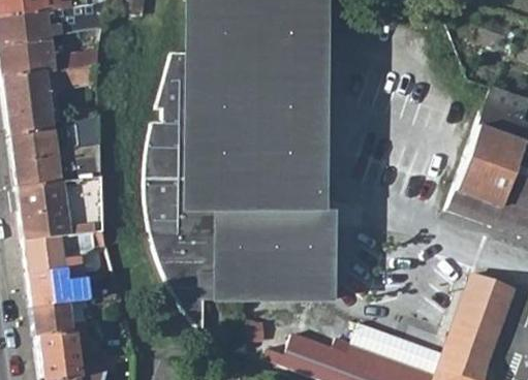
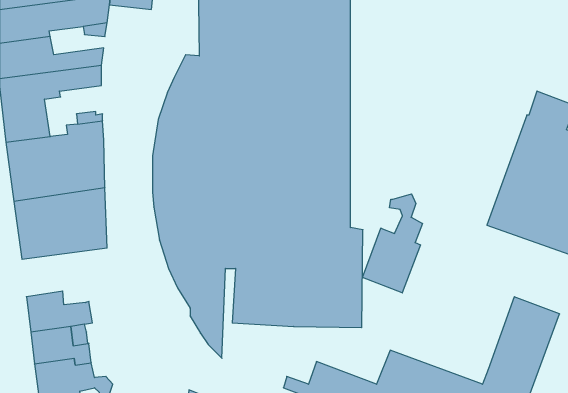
building: none -> [362,194,422,293]
building: [26,231,107,283] -> none

